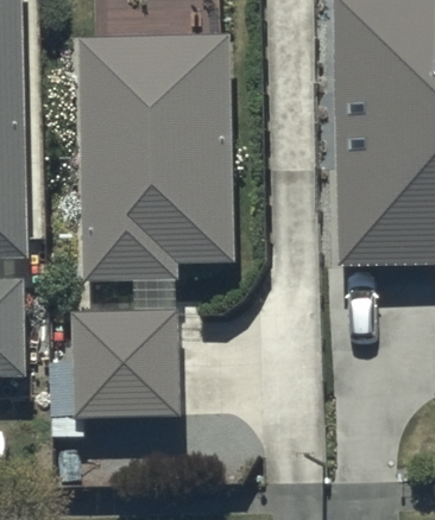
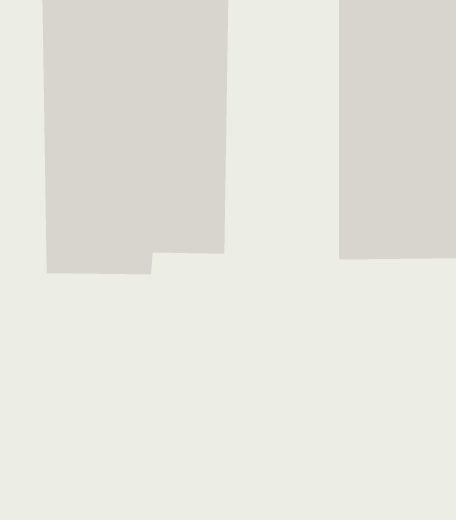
building: [56,305,175,426] -> none

